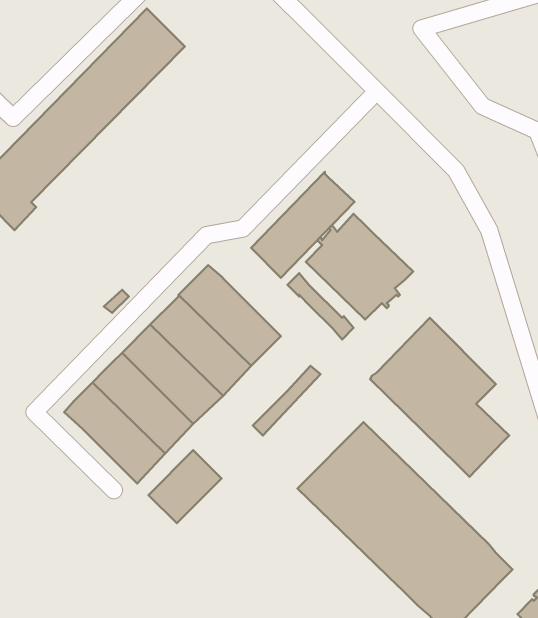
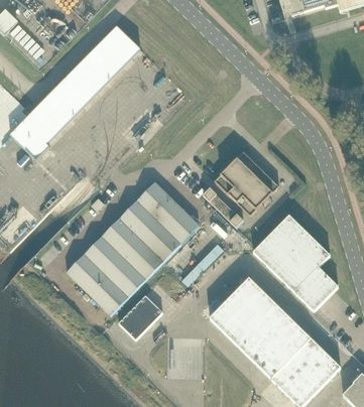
building: [251,172,354,278] -> none

